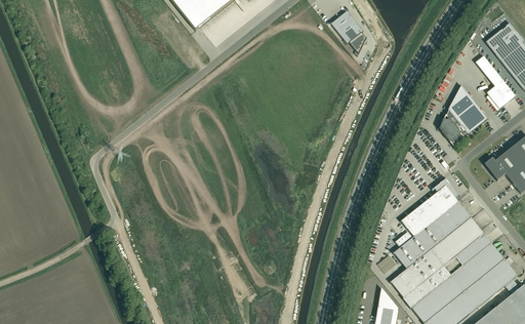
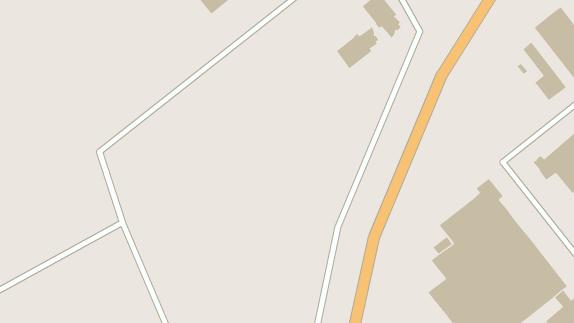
building: none -> [336,26,379,69]
building: [441,84,488,145] -> none

